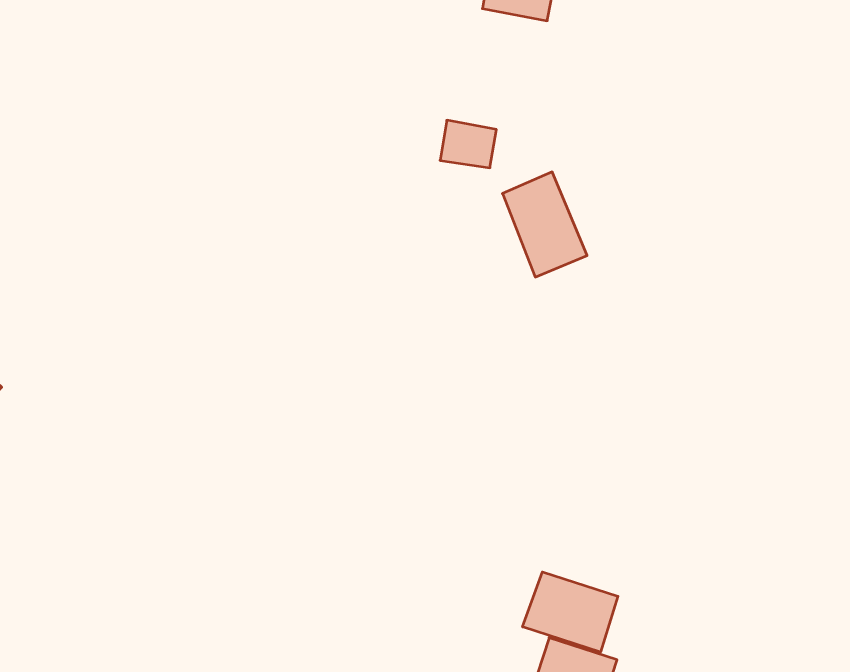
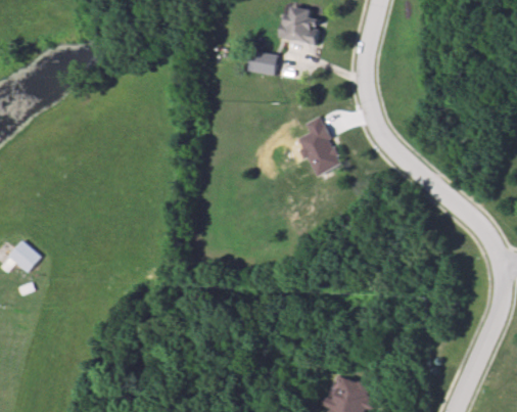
building: [440,120,496,168] -> [247,51,276,75]
building: [523,572,618,652] -> none

